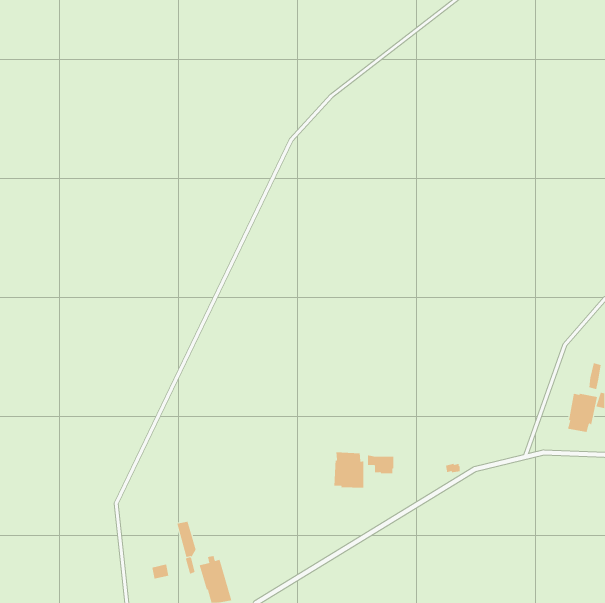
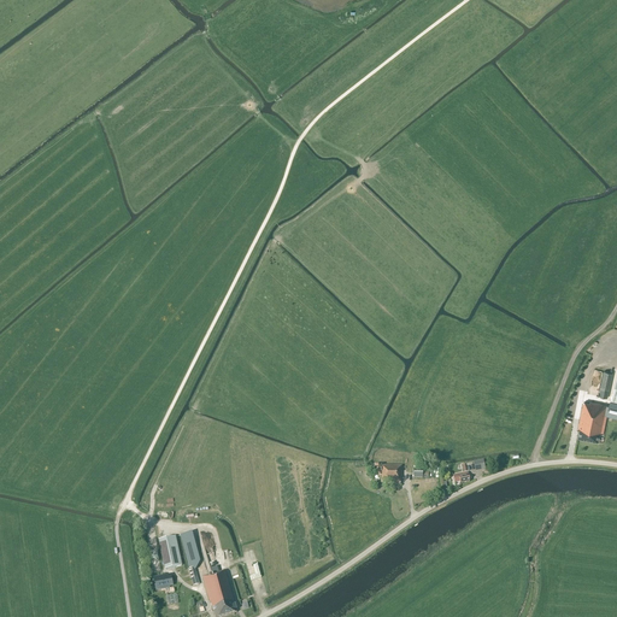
building: [334,452,364,489] -> none
building: none -> [158,534,181,568]

